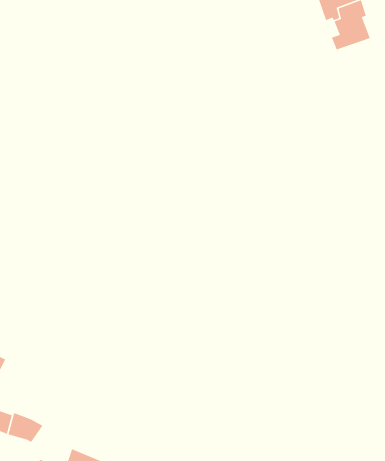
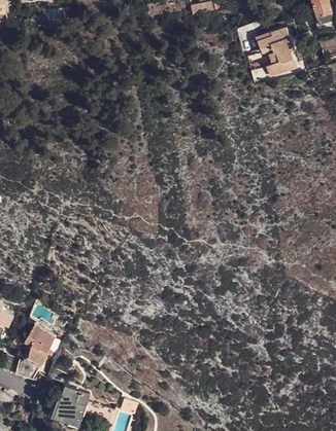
building: none -> [24,326,55,367]

